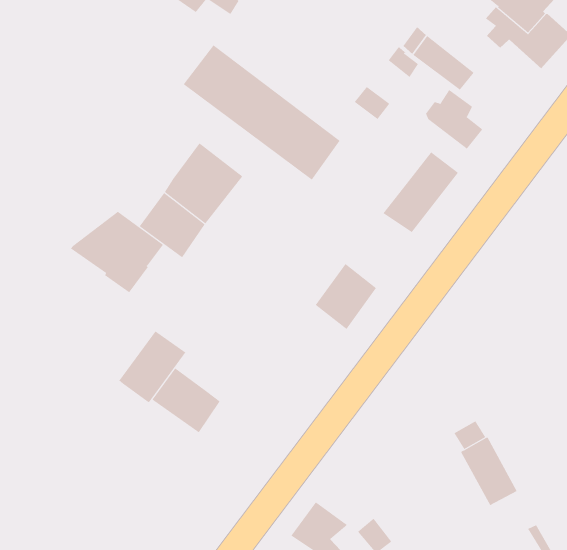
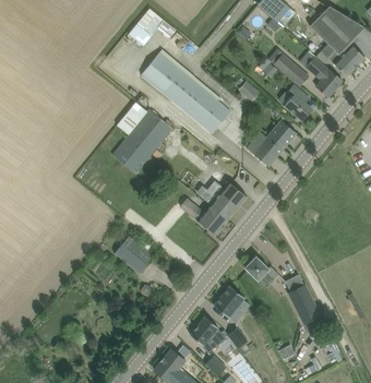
building: none -> [299,51,343,97]
building: [70,211,164,293] -> none
building: none -> [190,204,228,236]
building: [118,330,186,403] -> none
building: none -> [246,256,278,287]
building: none -> [214,286,244,322]

